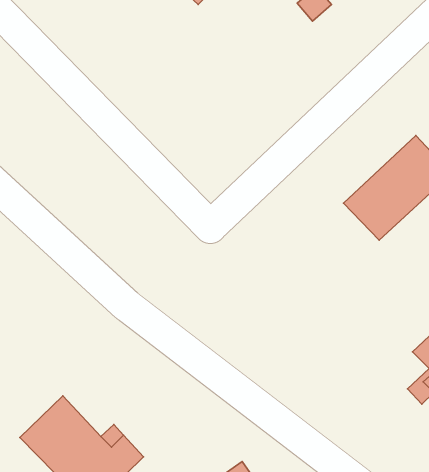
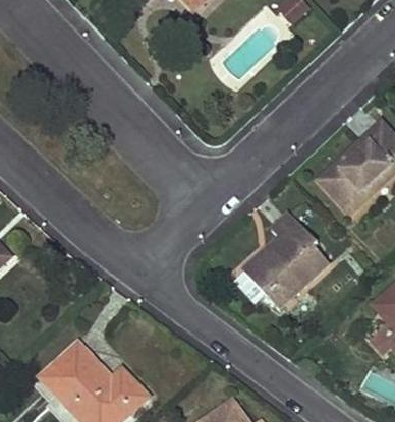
building: none -> [235,210,328,306]

